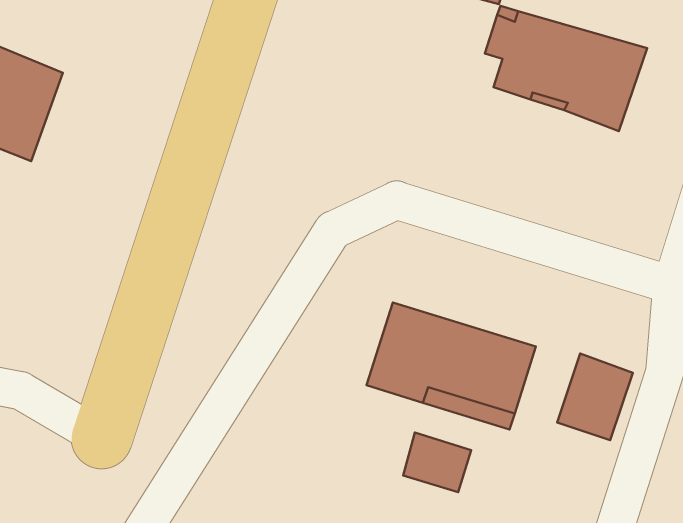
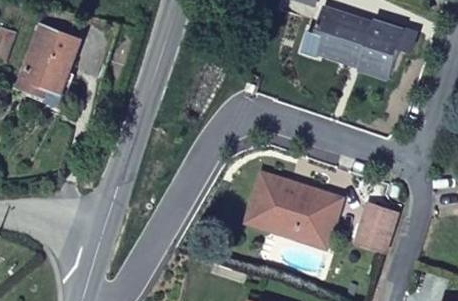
building: [403,433,471,492] -> none

